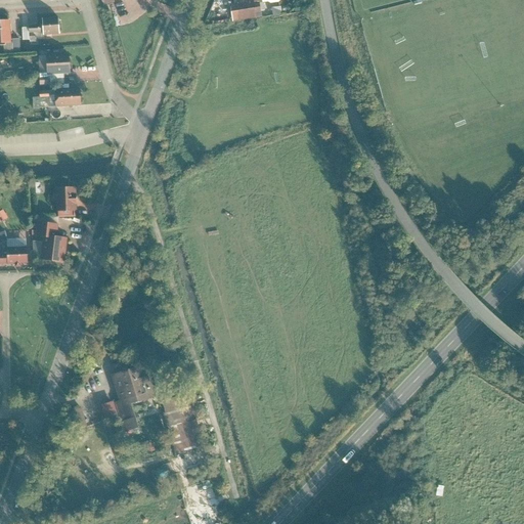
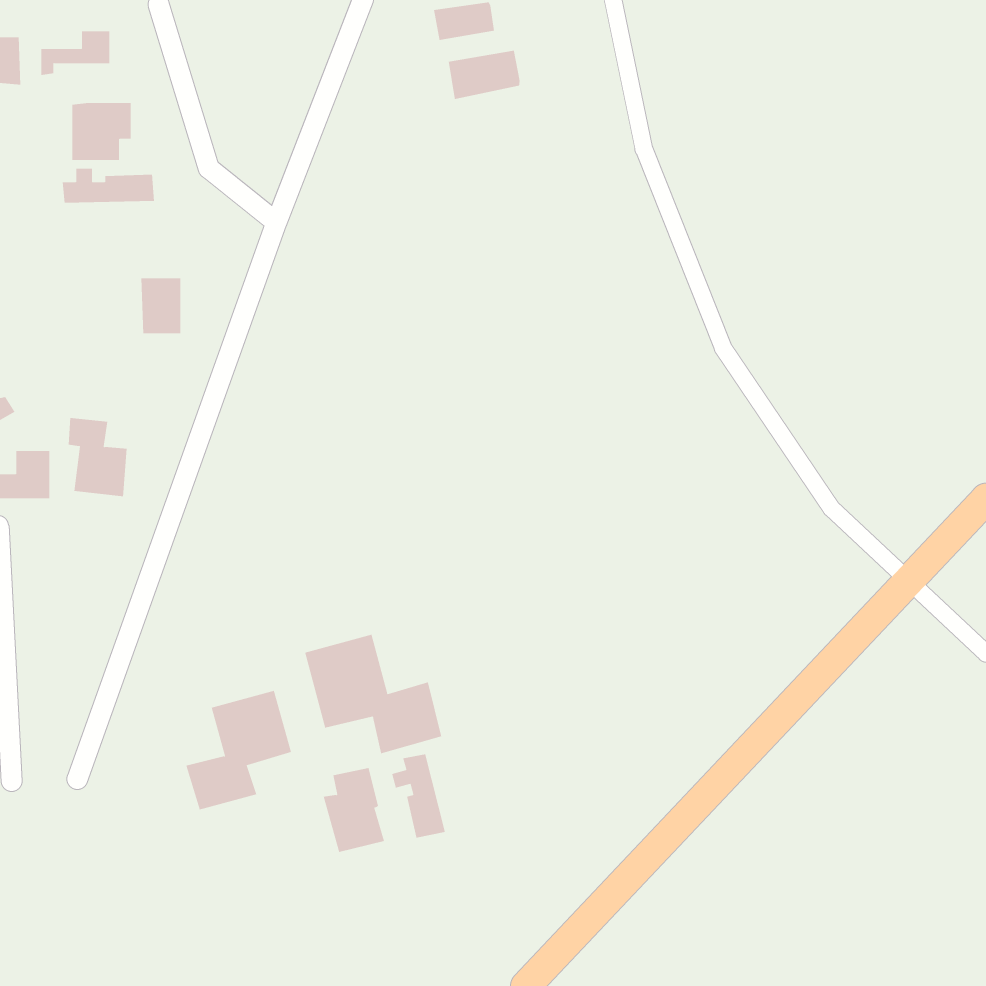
building: none -> [448,50,520,100]
building: [55,187,77,217] -> [141,278,181,334]
building: none -> [304,634,442,754]
building: none -> [391,753,445,839]

